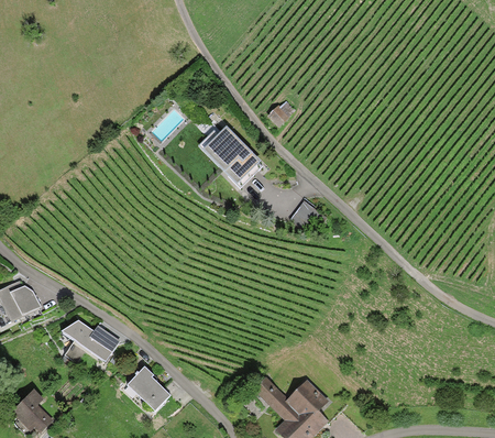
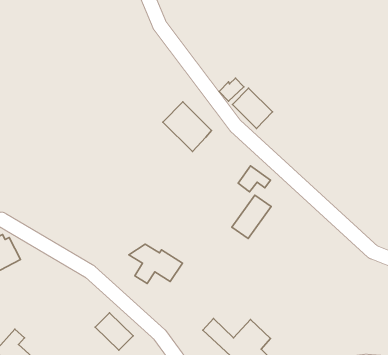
building: none -> [233,88,272,128]
building: none -> [232,195,271,238]
building: [57,319,119,364] -> [129,244,182,283]

